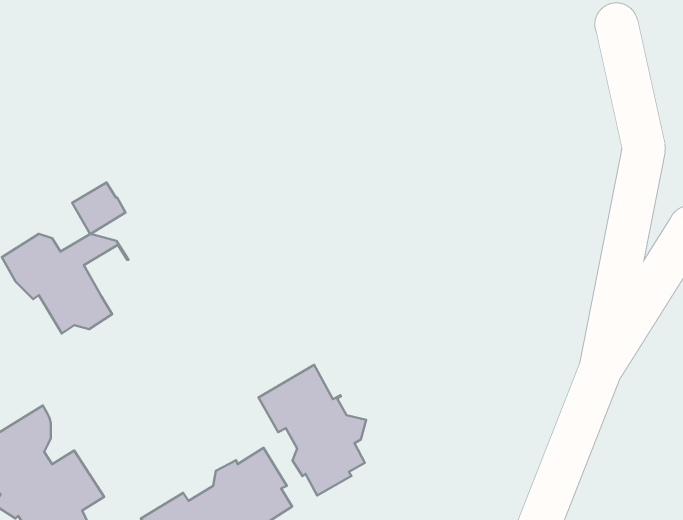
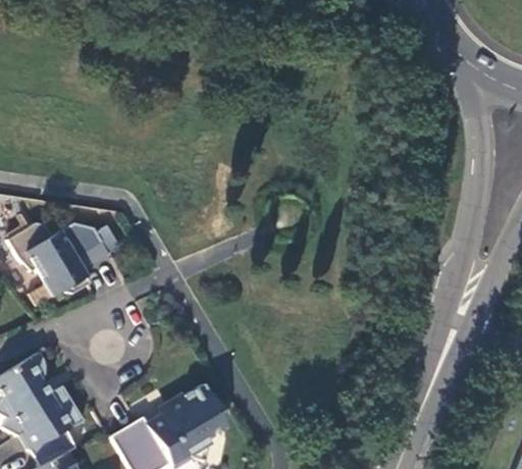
building: [72,182,125,234] -> [70,230,110,269]
building: [259,365,366,495] -> none

